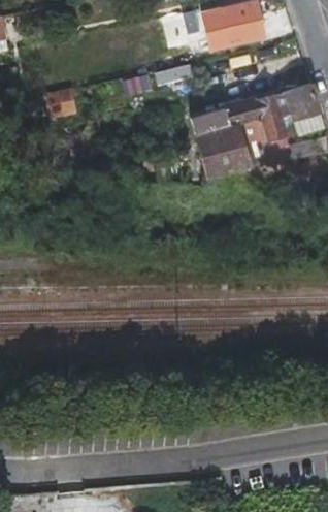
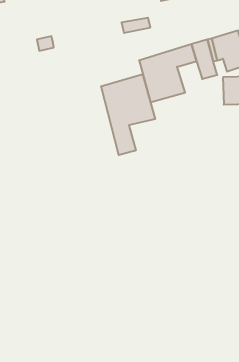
building: none -> [101,74,155,155]

